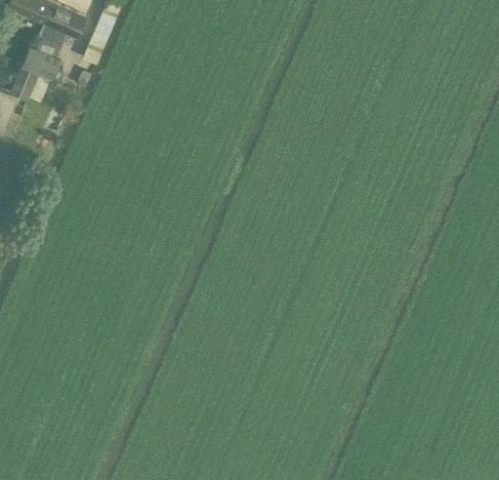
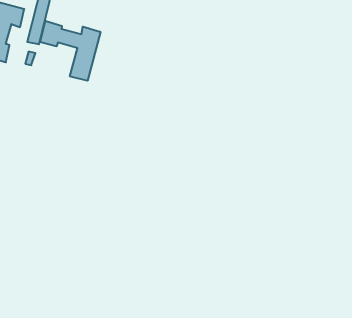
building: none -> [40,21,100,81]

